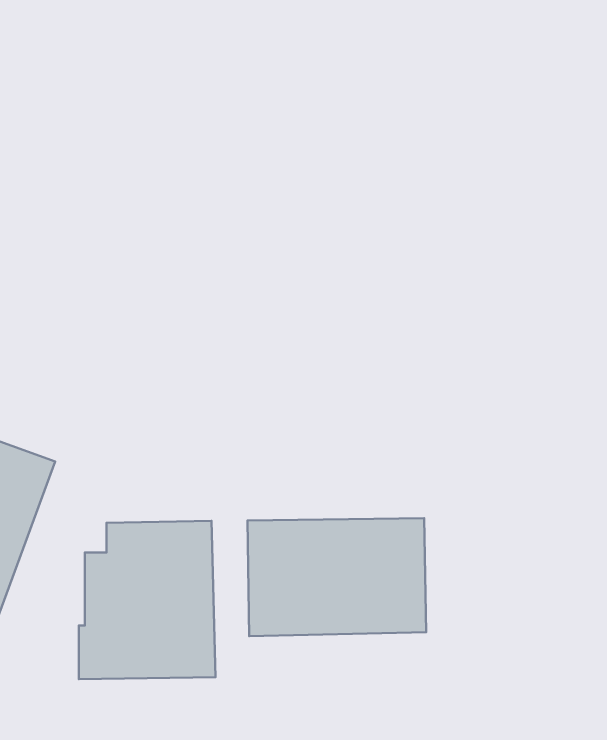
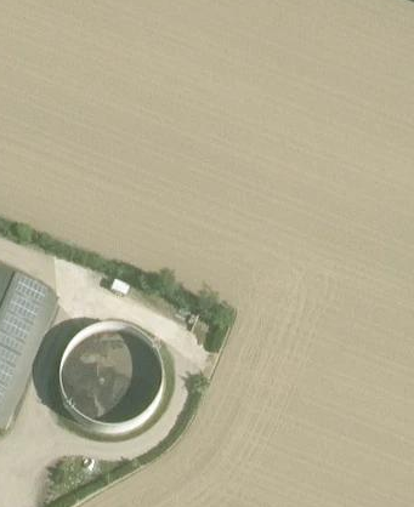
building: [247,518,426,636] -> none

